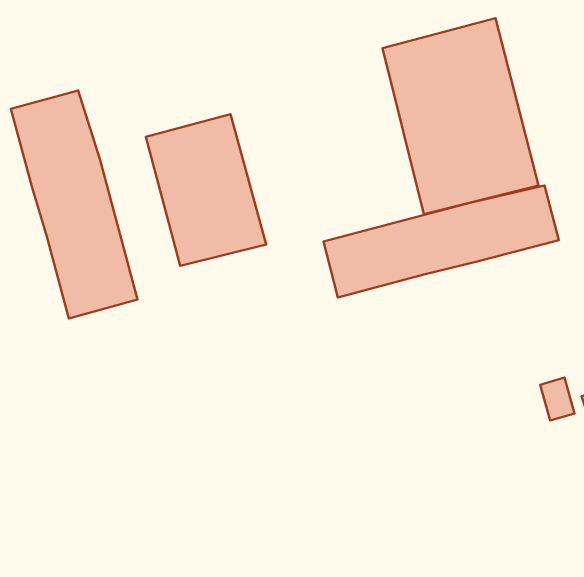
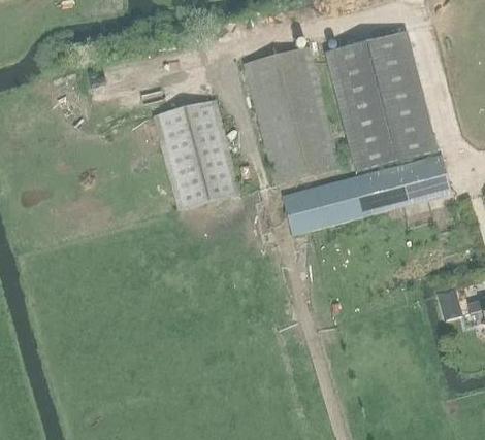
building: none -> [245,47,340,183]
building: [11,90,138,319] -> none

